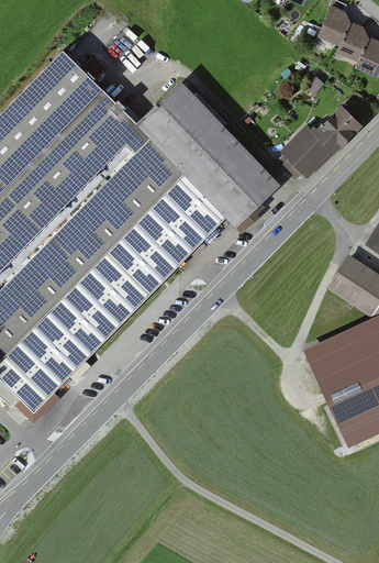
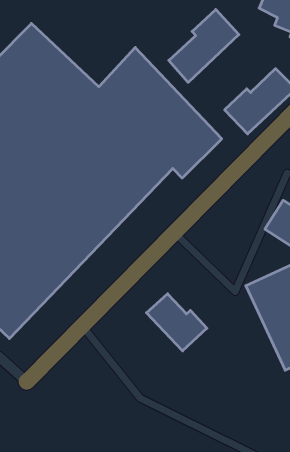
building: none -> [169,9,239,82]
building: none -> [146,294,207,351]

